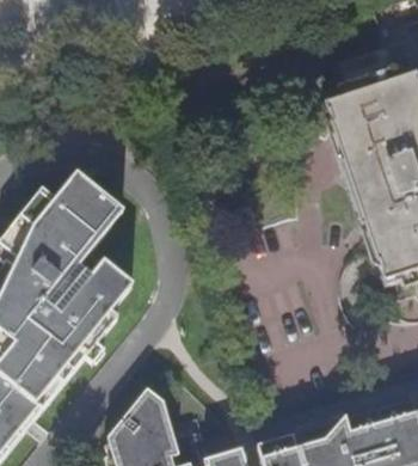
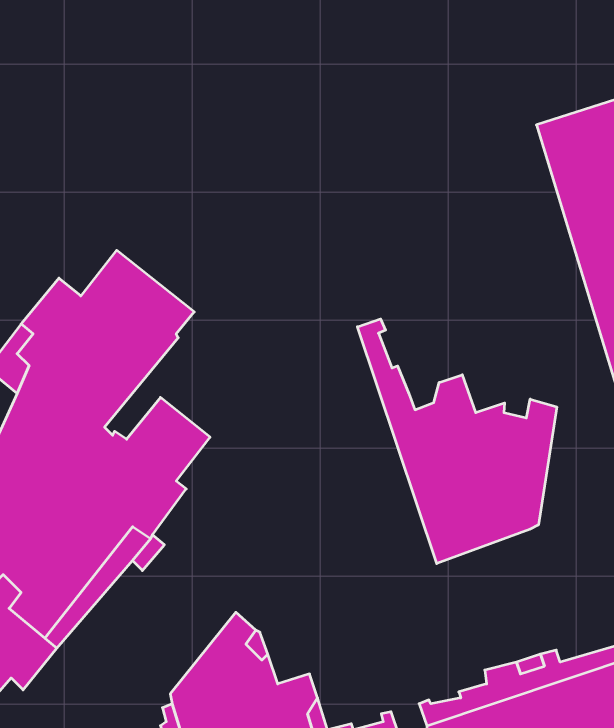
building: none -> [357,319,557,564]

